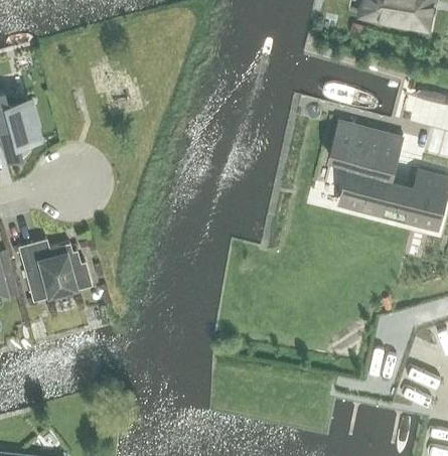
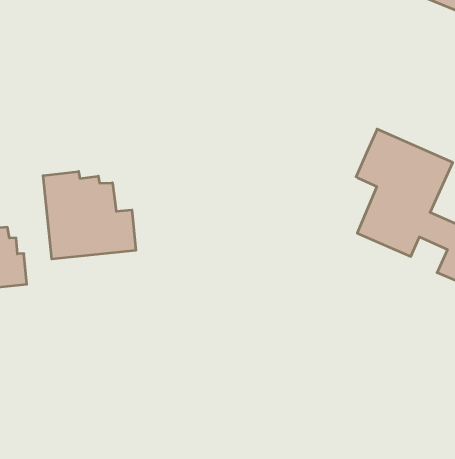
building: none -> [43,171,136,259]

